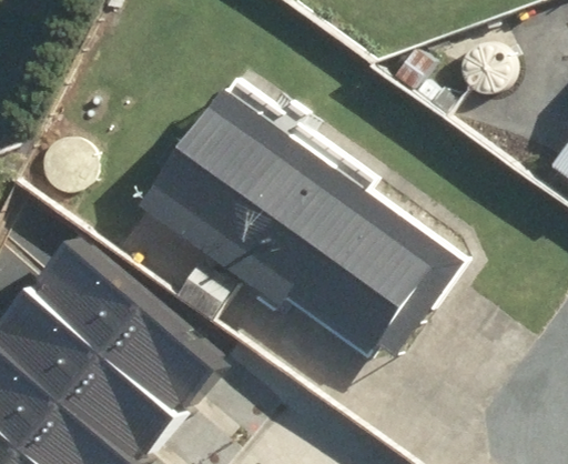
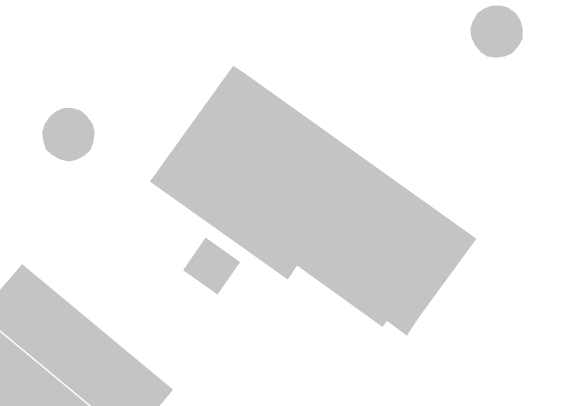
building: [23,239,211,410] -> none

